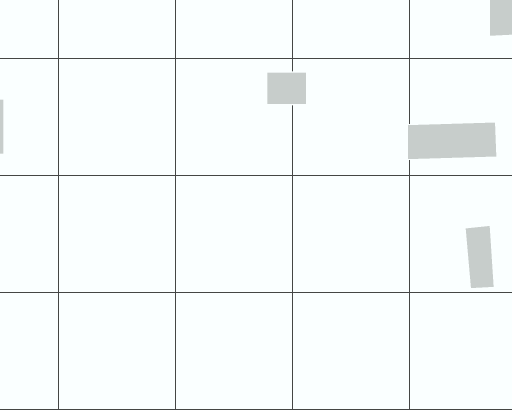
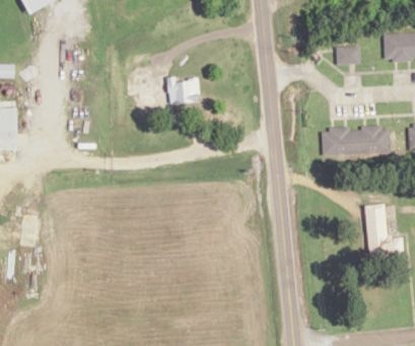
building: none -> [336,46,360,64]
building: [266,72,307,104] -> [168,79,199,103]

